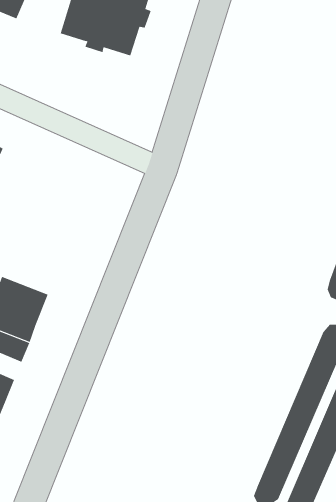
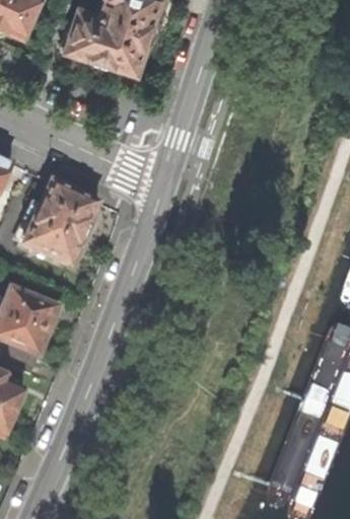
building: none -> [25,178,100,262]

